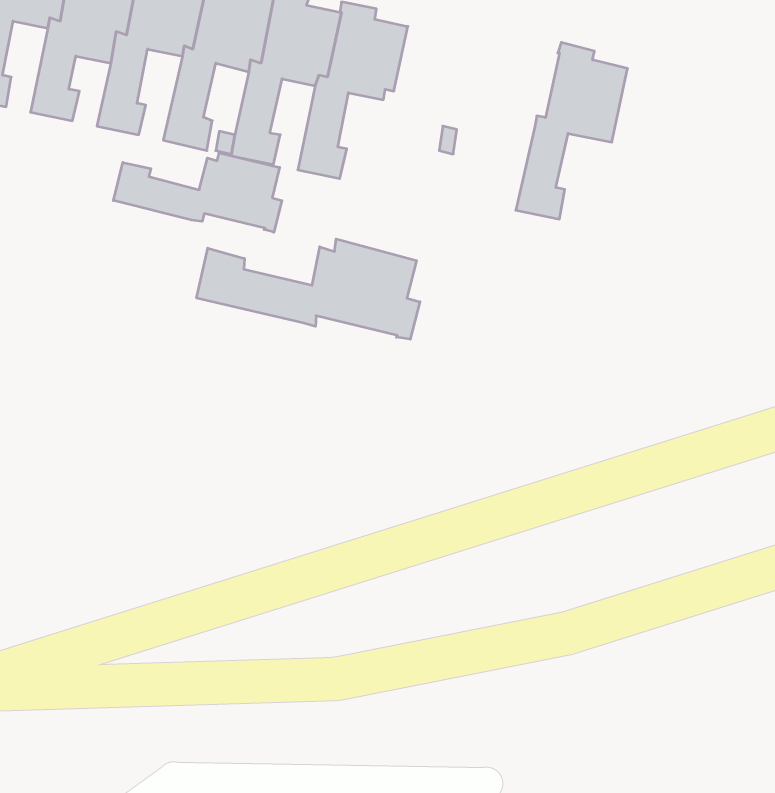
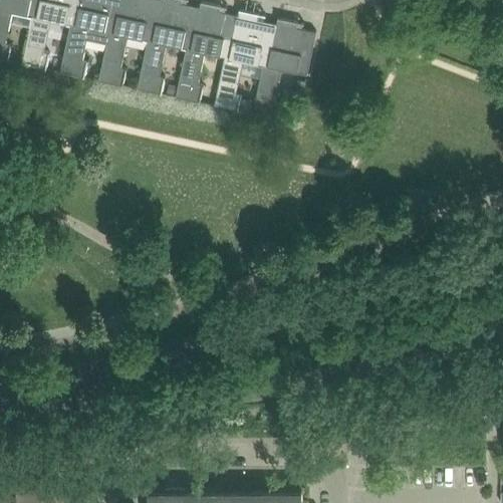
building: [516,42,628,219] -> [251,19,315,120]
building: [113,153,282,232] -> none
building: [197,239,420,339] -> none

